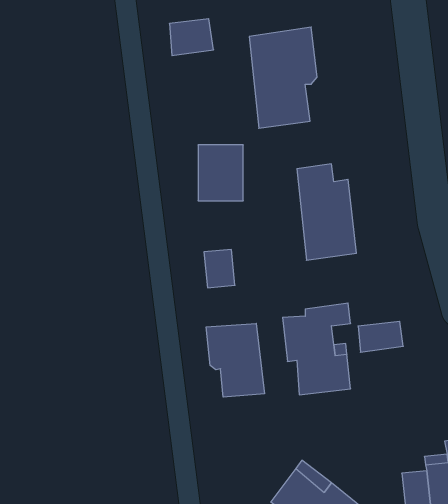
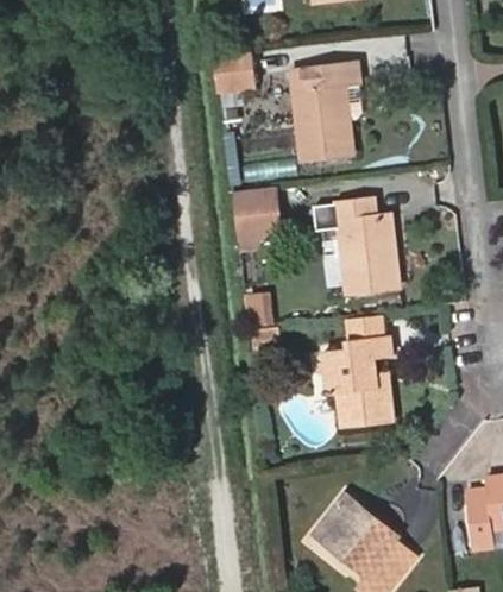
building: [358,321,403,352] -> [344,313,389,344]
building: [206,323,264,397] -> none

